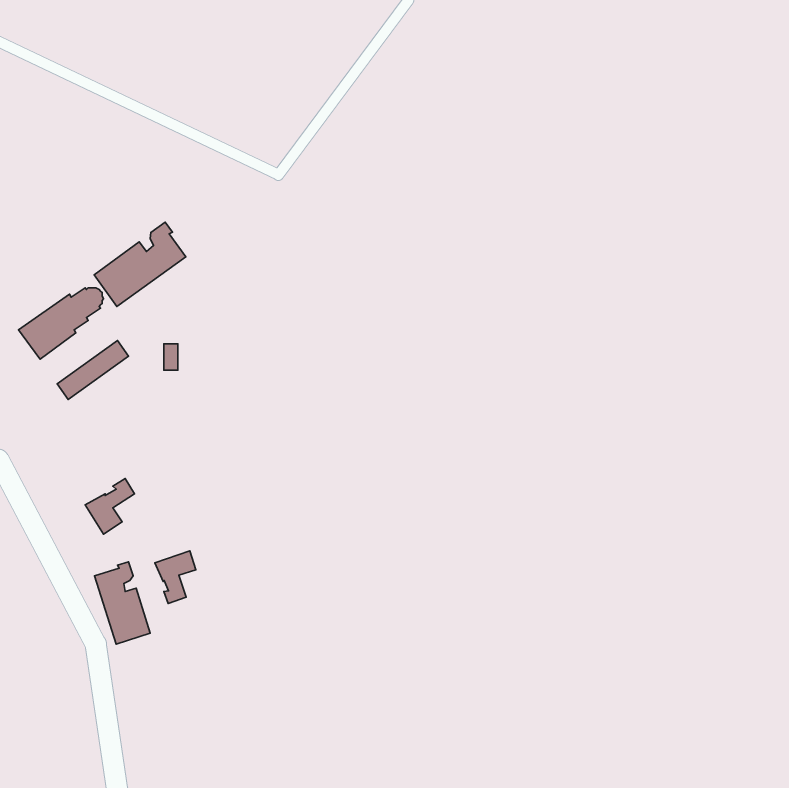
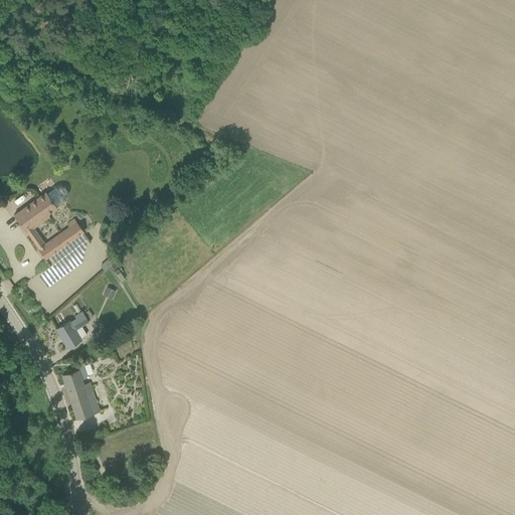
building: [94,222,186,307] -> none
building: [155,551,196,604] -> none

